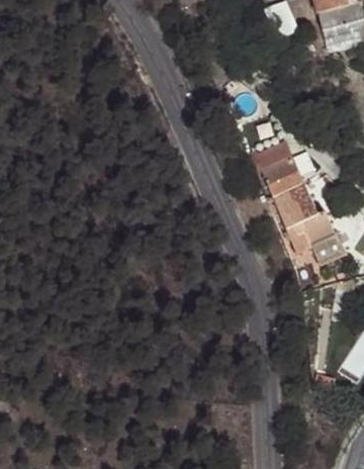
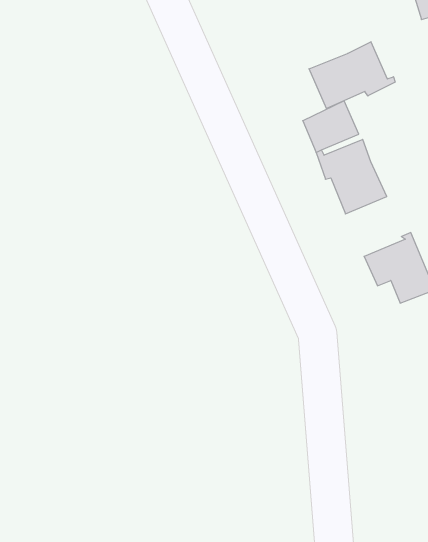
building: none -> [309,42,395,109]
building: [273,184,318,229] -> none

